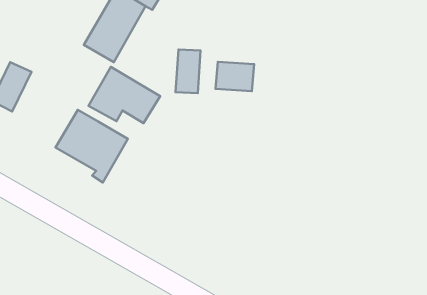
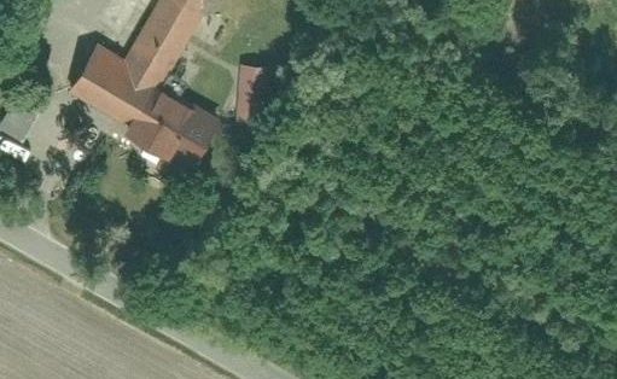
building: [216,62,254,91] -> none
building: [56,110,128,182] -> [70,47,161,138]

